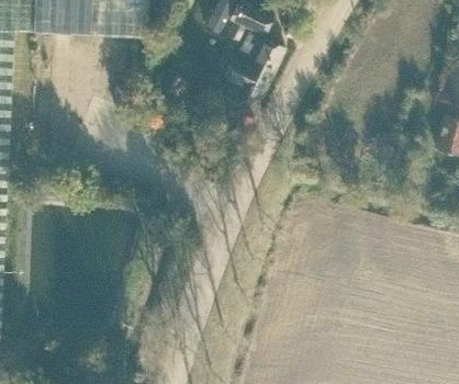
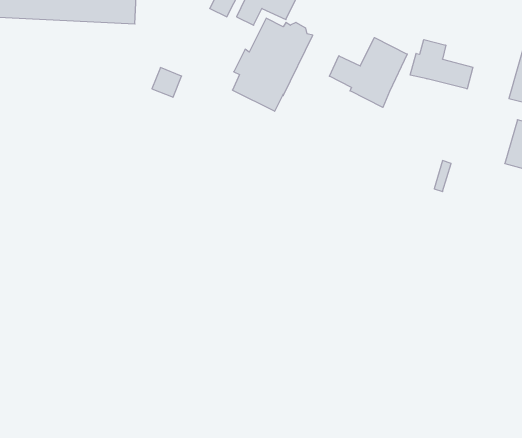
building: none -> [329,38,407,107]
building: none -> [410,40,473,89]

